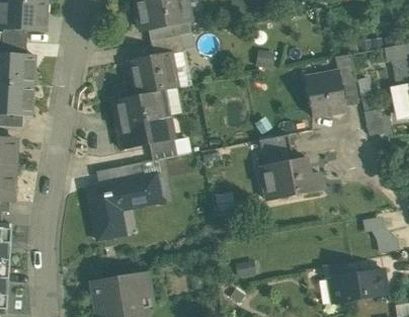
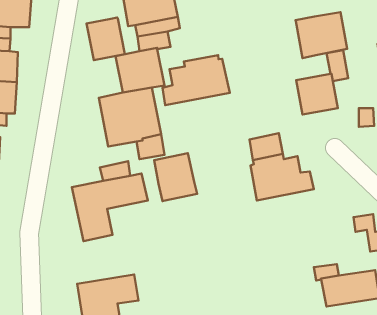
building: none -> [295,12,347,58]
building: none -> [86,17,125,60]
building: none -> [162,55,230,105]
building: none -> [154,153,197,201]

